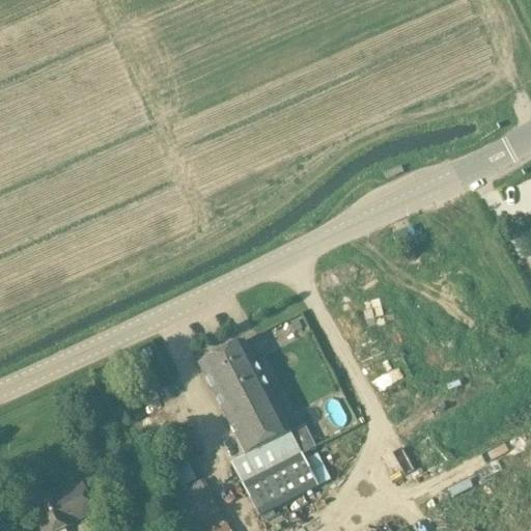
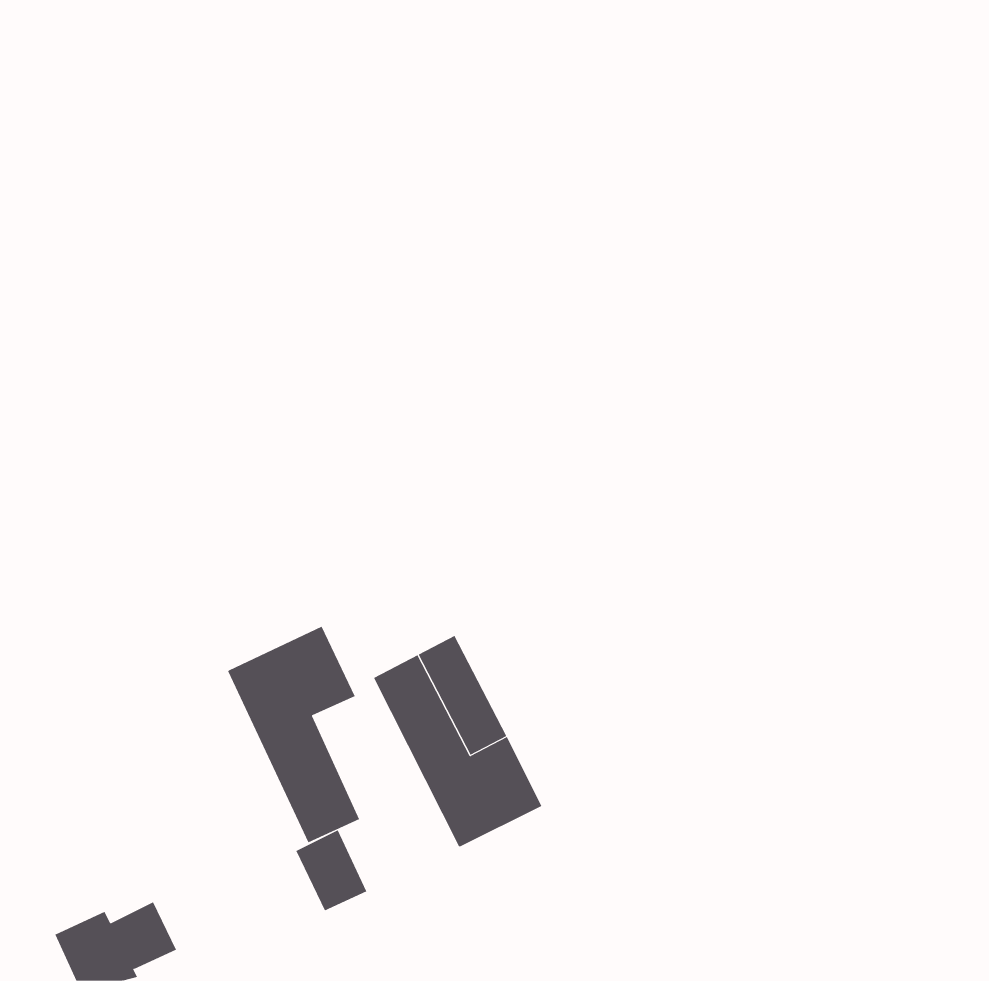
building: none -> [228,626,360,843]
building: [232,430,318,513] -> none

